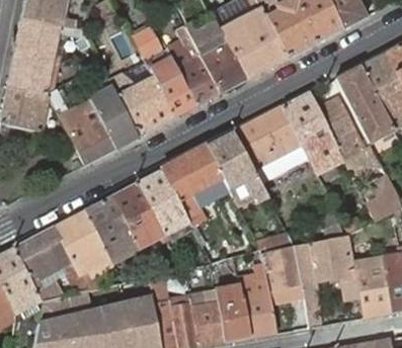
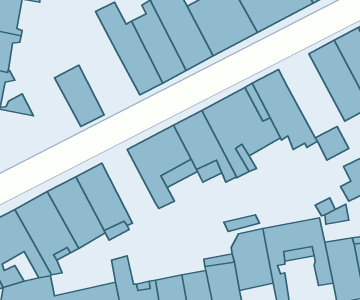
building: [111,75,174,136] -> none
building: [49,88,117,164] -> none
building: [317,98,365,158] -> none
building: [138,169,189,240] -> none

